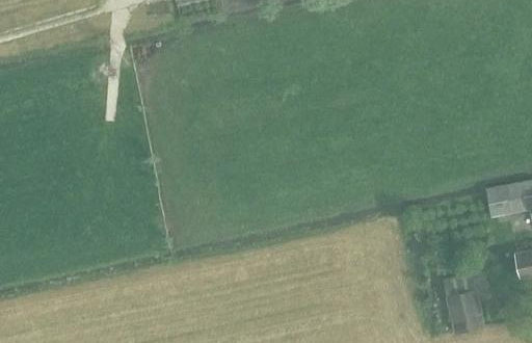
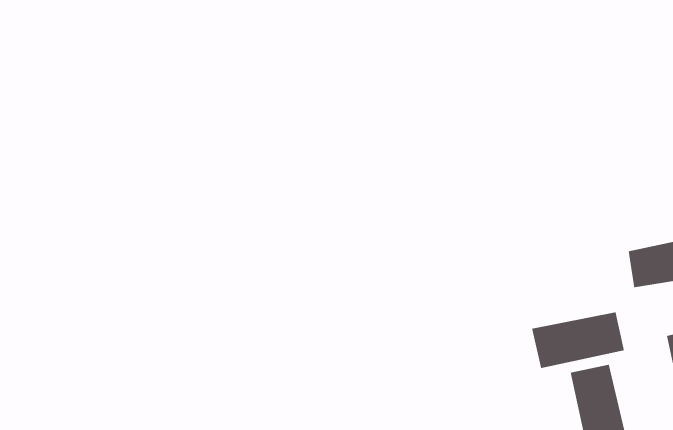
building: none -> [532,311,624,369]

